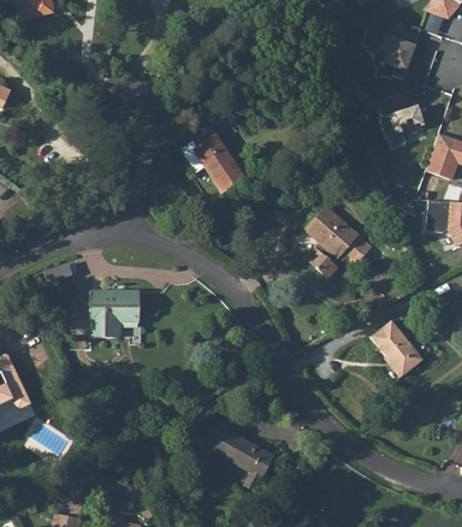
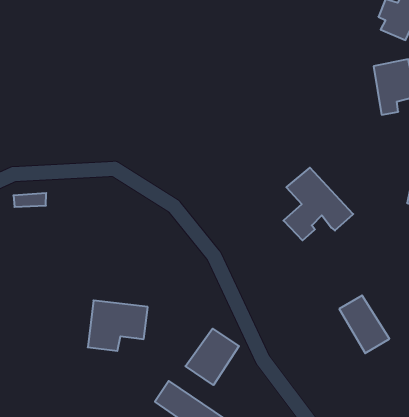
building: [183,130,248,190] -> none
building: [87,292,140,338] -> [88,300,148,351]
building: none -> [185,329,239,385]

